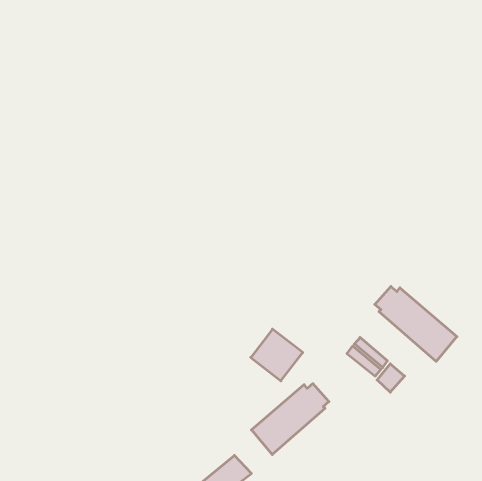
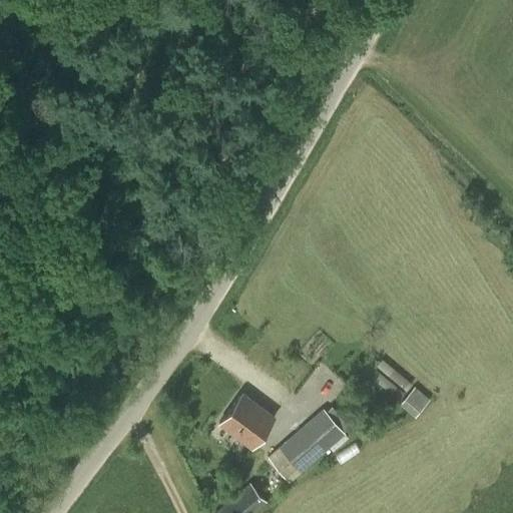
building: [375,286,457,361] -> none
building: [251,329,303,381] -> [220,395,276,450]

